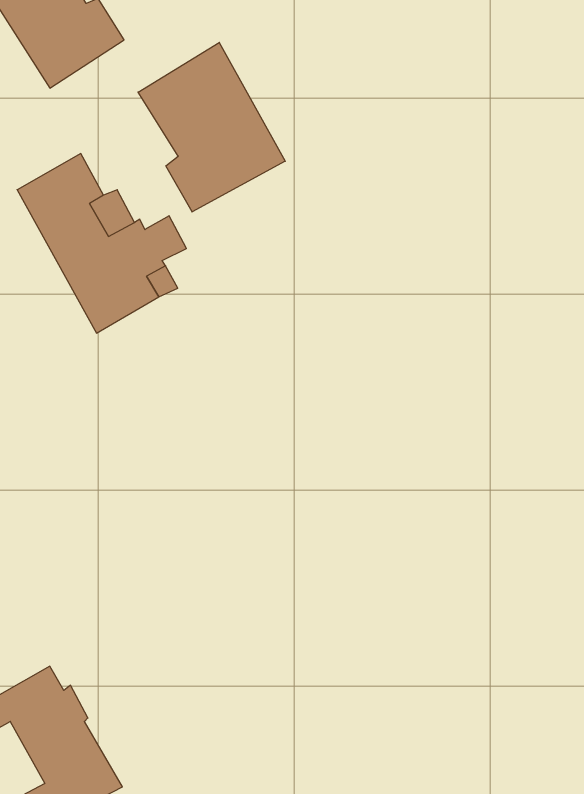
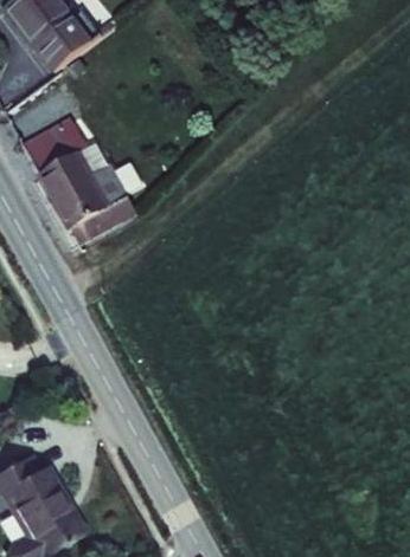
building: [138,42,285,212] -> none

